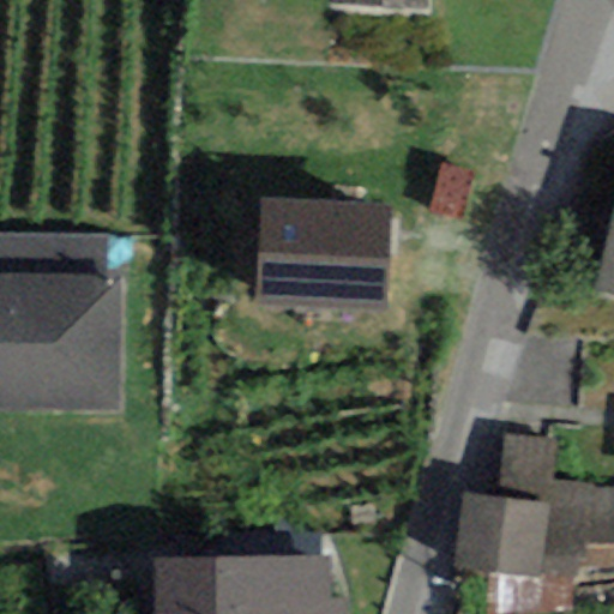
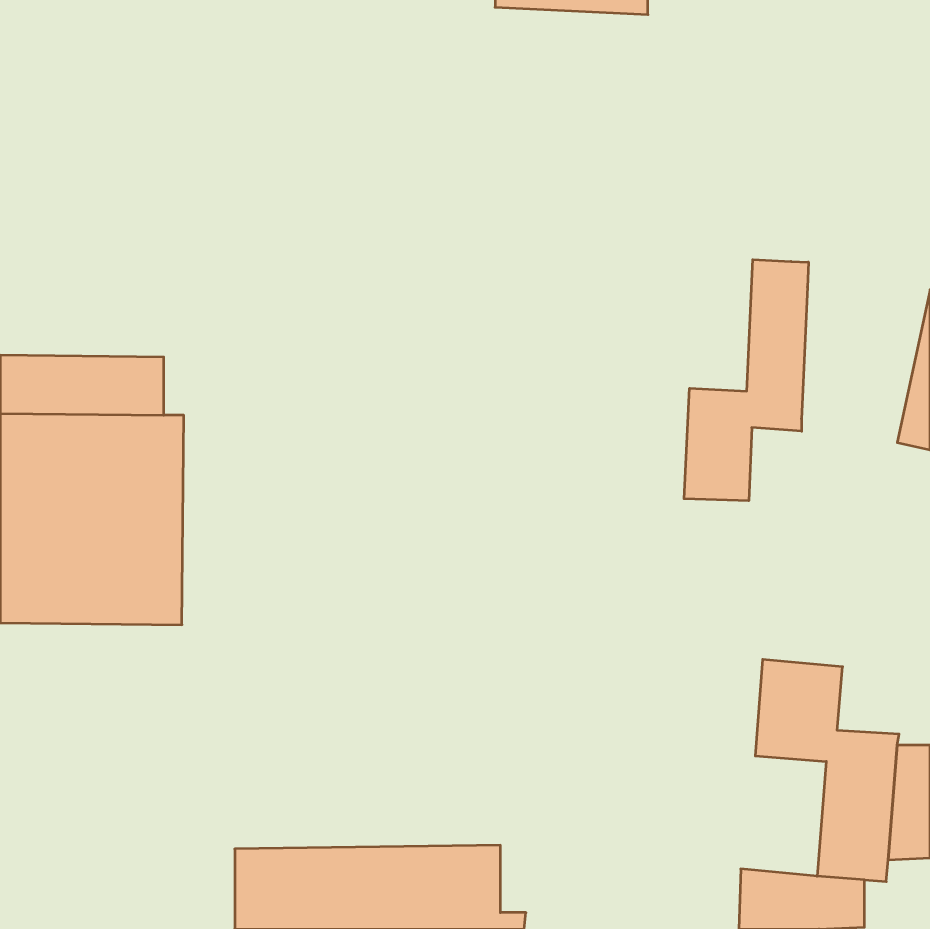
building: none -> [684,260,808,501]
building: [255,199,390,309] -> none
building: [453,495,544,577] -> none

